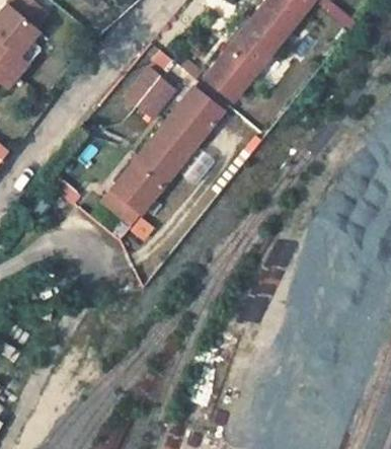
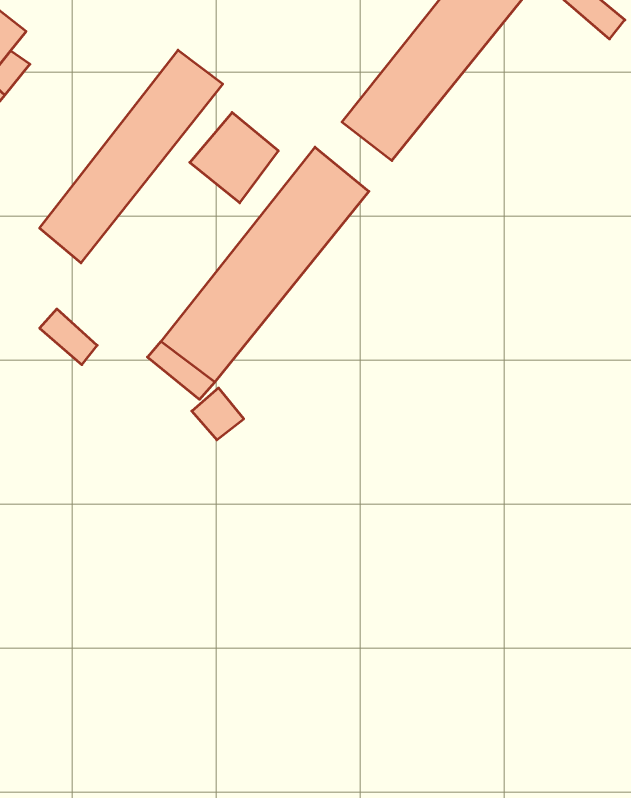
building: none -> [40,50,223,263]

